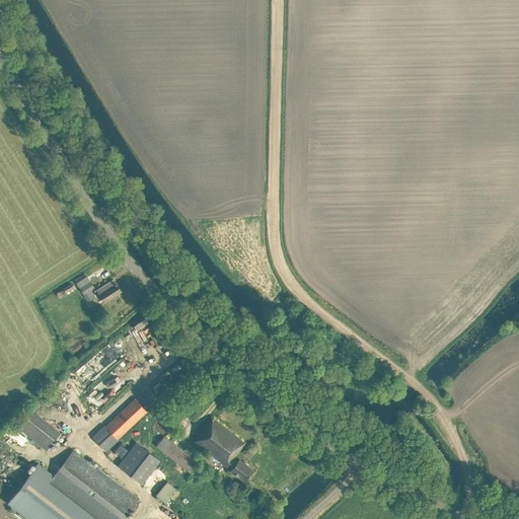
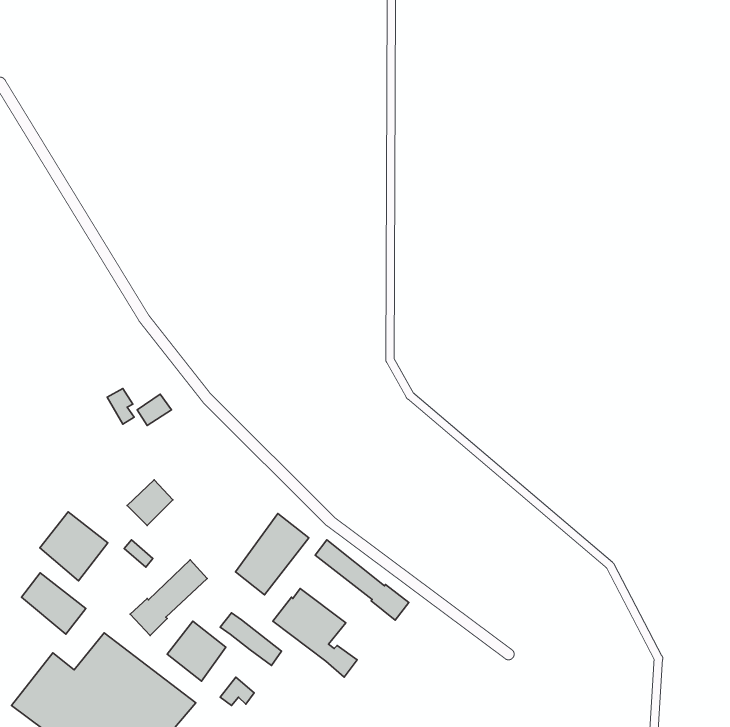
building: none -> [40,512,108,581]
building: none -> [235,513,309,595]
building: none -> [315,540,409,620]

